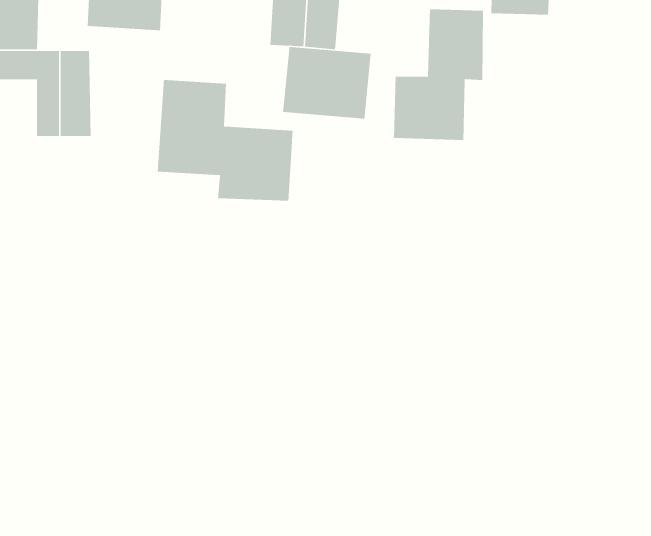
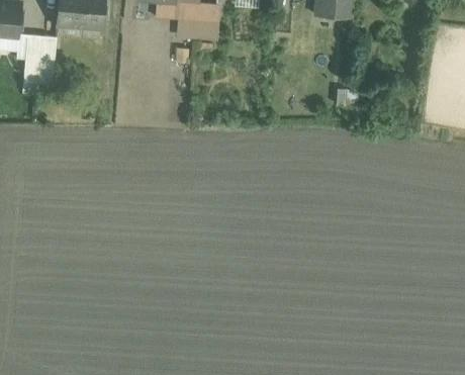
building: [393,9,484,141] -> none
building: [282,46,372,119] -> none
building: [157,79,294,202] -> none

